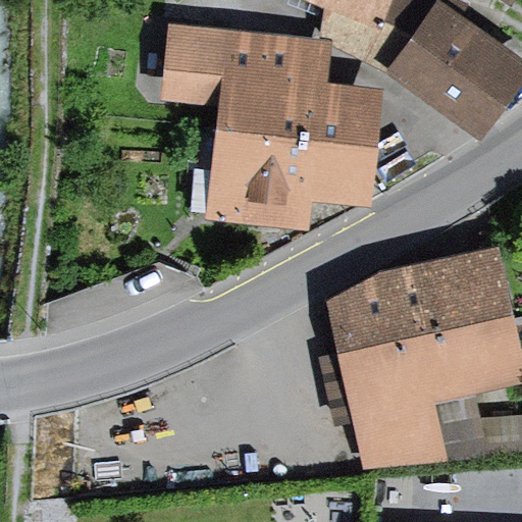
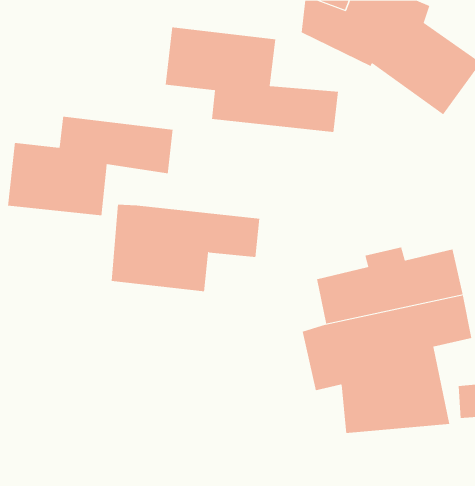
building: none -> [7,116,173,216]
building: [210,127,370,221] -> [111,204,260,292]

